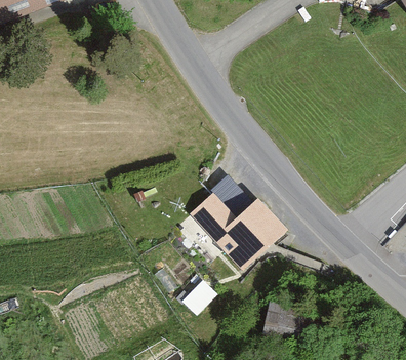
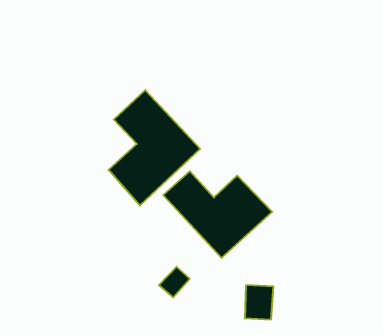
building: none -> [108,90,200,206]

